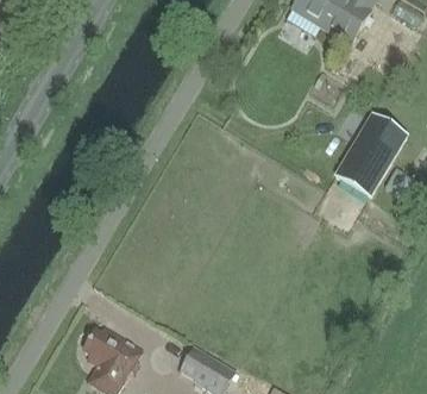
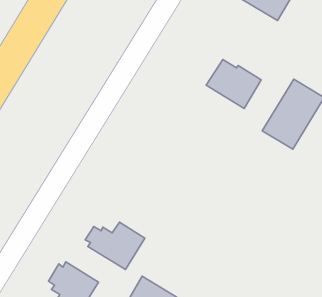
building: none -> [206,59,261,108]
building: none -> [85,222,145,269]

